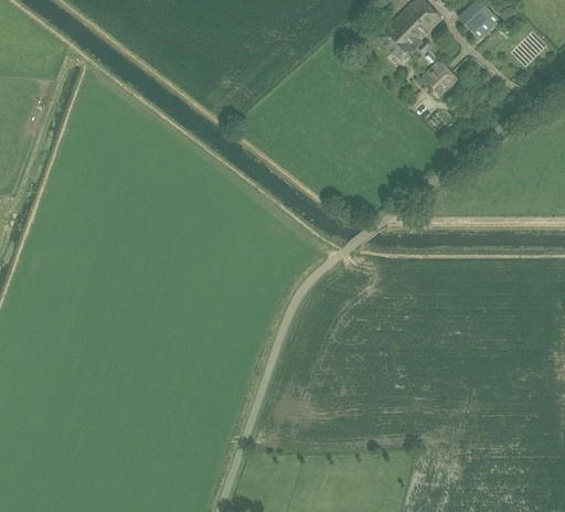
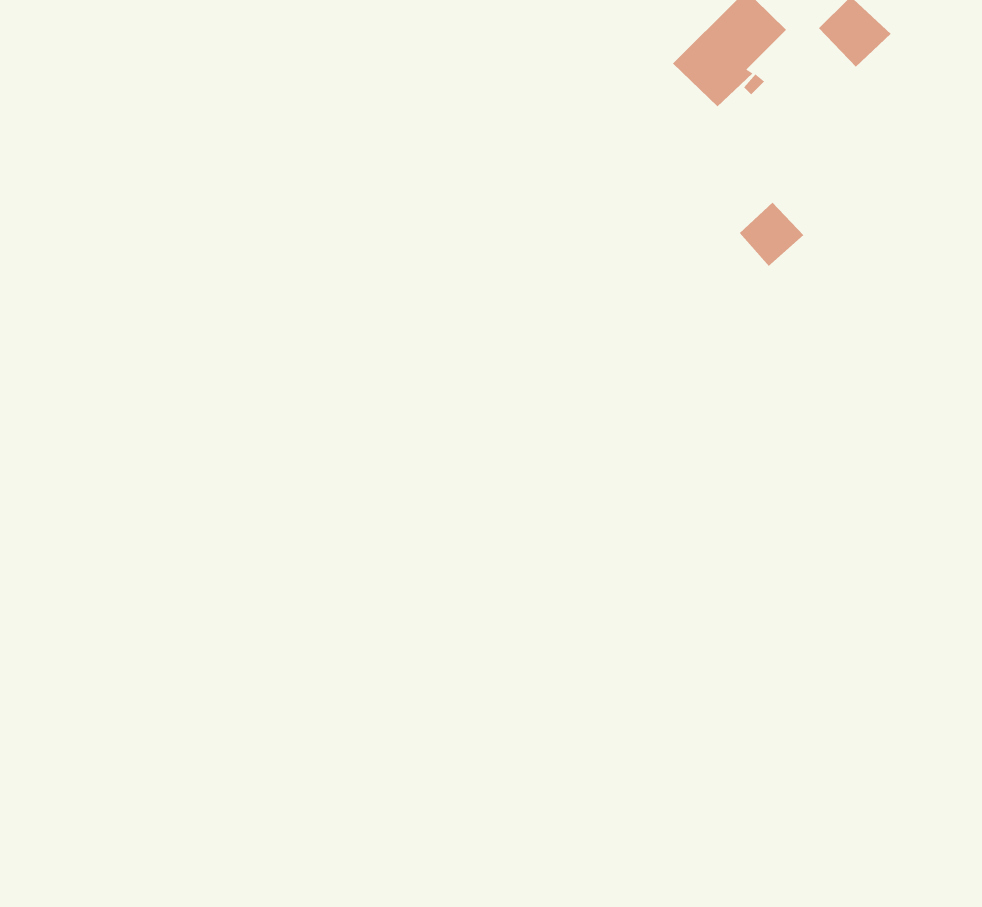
building: [422,61,458,97] -> [739,202,804,267]

